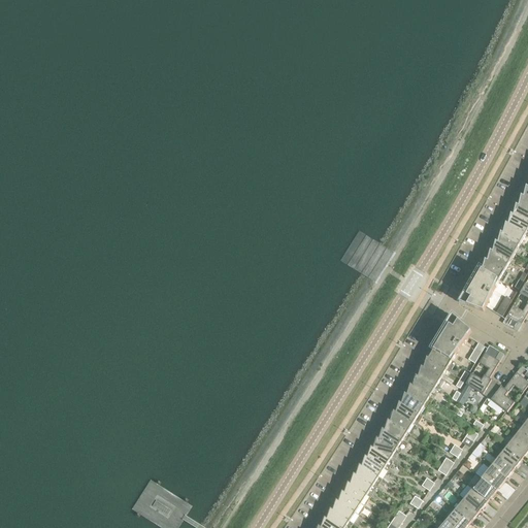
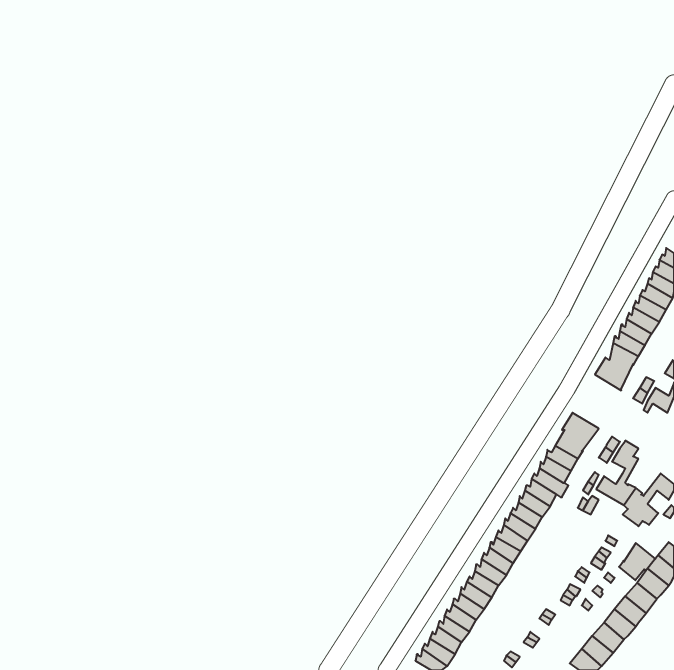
building: none -> [619,543,655,580]

